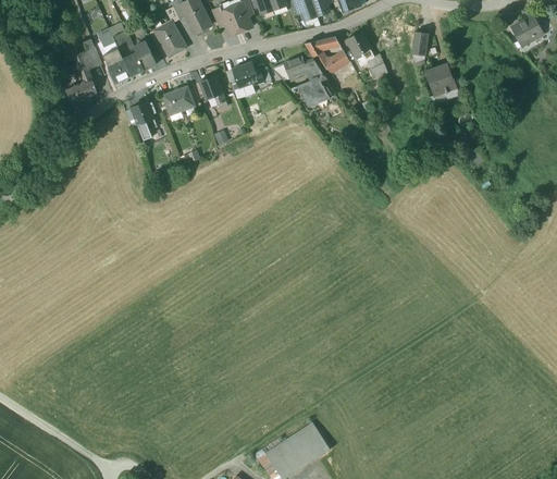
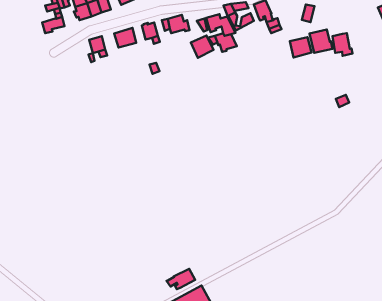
building: none -> [332,33,352,56]
building: none -> [290,37,312,57]
building: none -> [191,35,213,58]
building: none -> [167,269,195,289]

